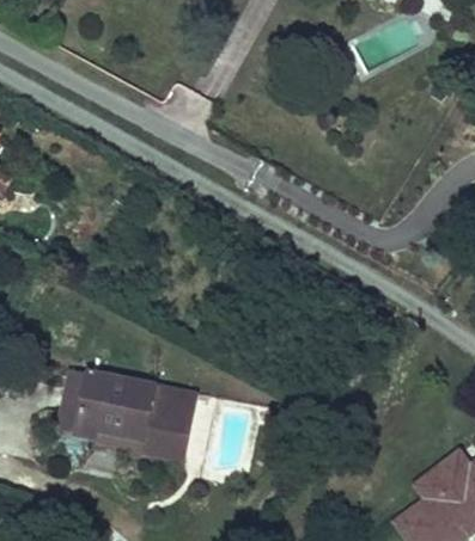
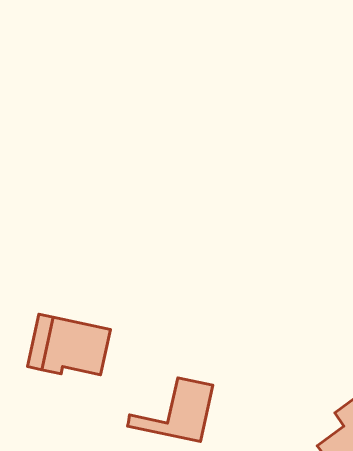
building: [97,385,196,459] -> [128,378,213,442]

